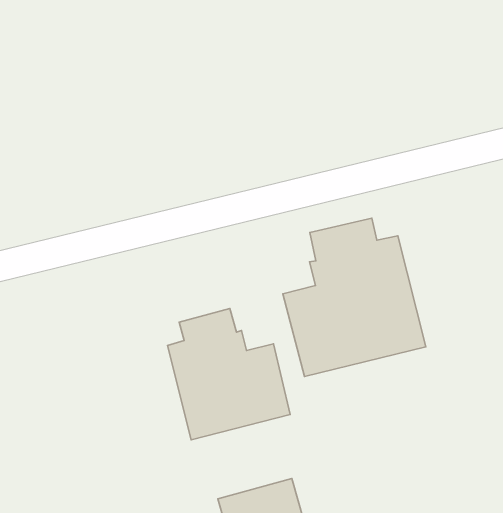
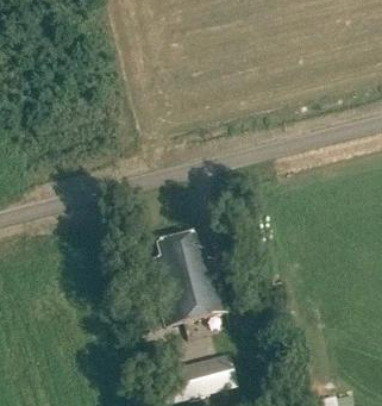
building: [283,218,426,377] -> none

